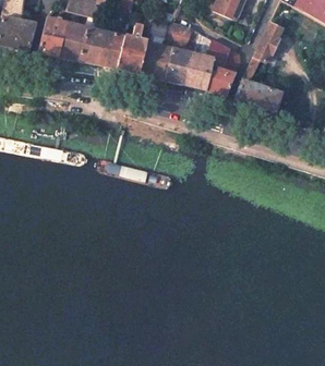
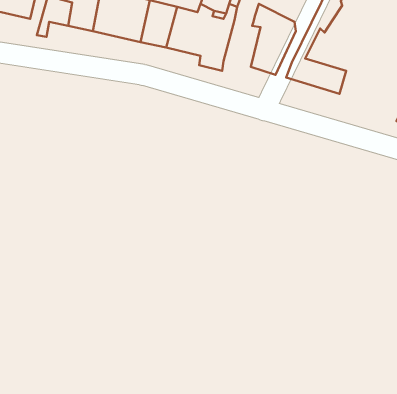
building: [183,51,213,88] -> none

